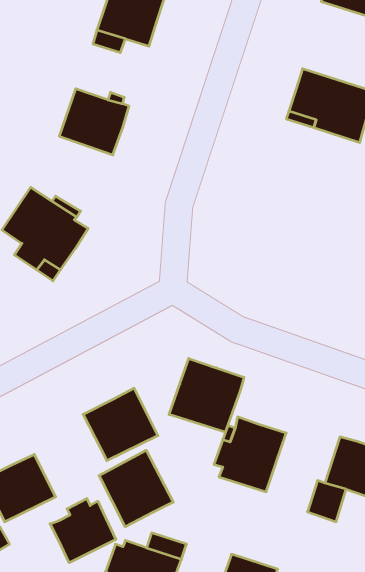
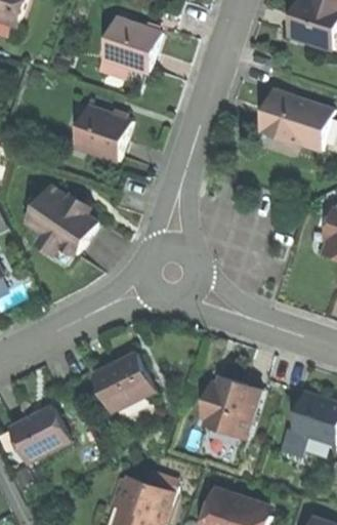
building: [169,358,244,432] -> none
building: [99,450,173,527] -> none
building: [50,499,116,563] -> none

